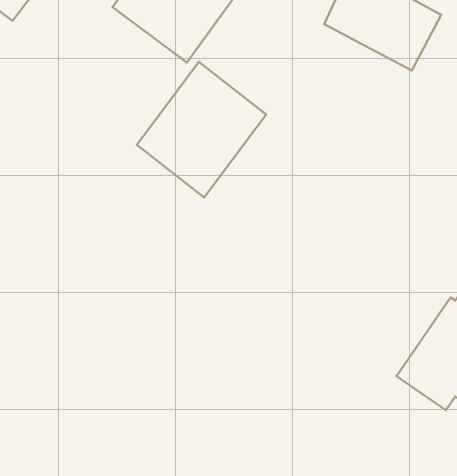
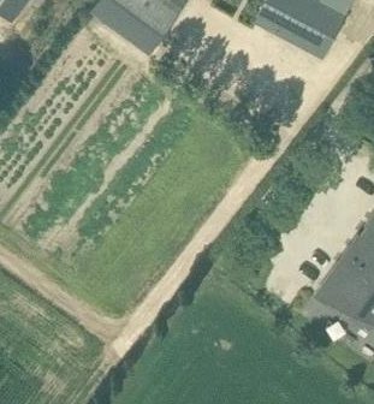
building: [137,62,266,197] -> none

